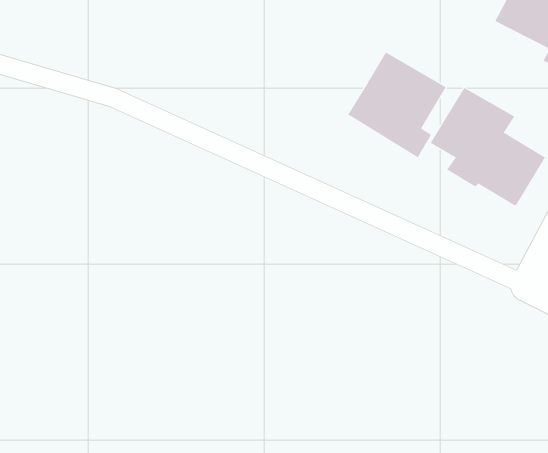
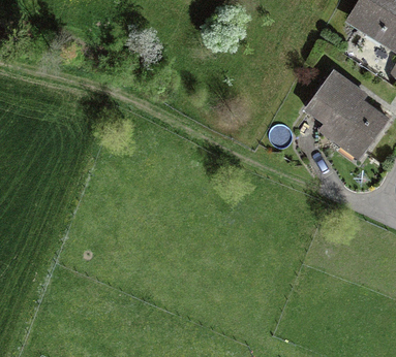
building: [348,51,446,158] -> none

